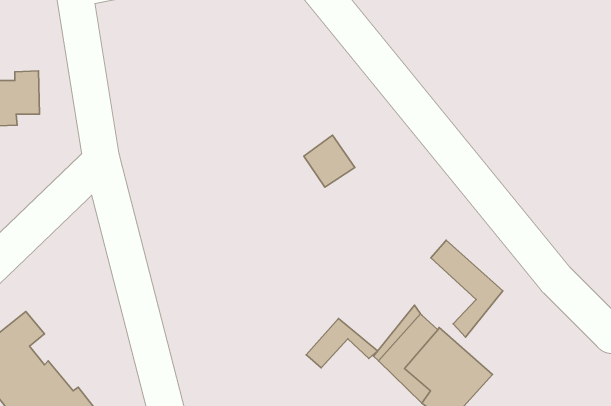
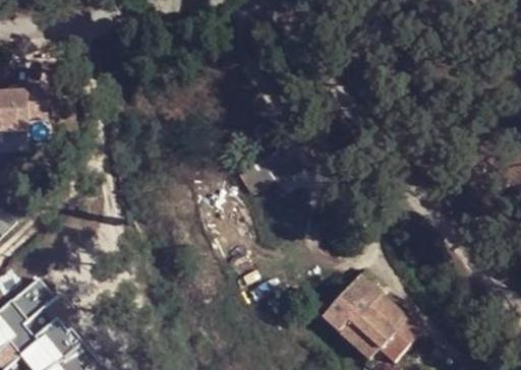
building: [431,240,503,337] -> none
building: [306,319,378,368] -> none

